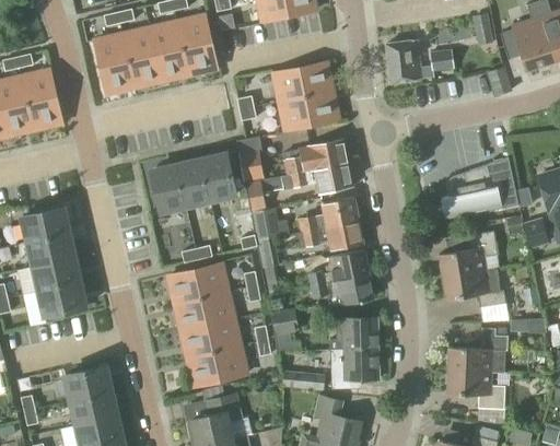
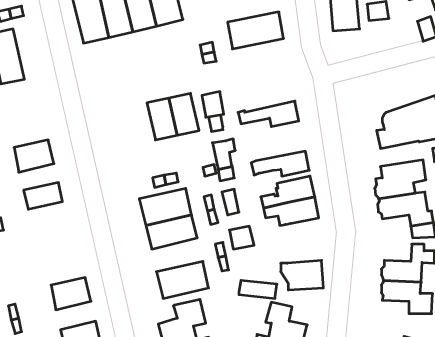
building: [22,73,66,138] -> none
building: [275,91,340,132] -> none
building: [284,139,347,176] -> none
building: [151,165,186,213] -> none
building: [295,197,359,234] -> none
building: [28,235,74,266] -> none
building: [39,279,85,316] -> none
building: [329,316,377,350] -> none
building: [182,320,241,360] -> none
building: [71,394,117,426] -> none

